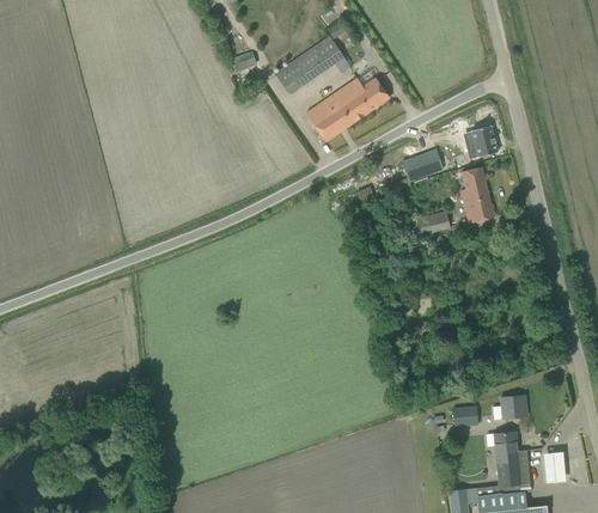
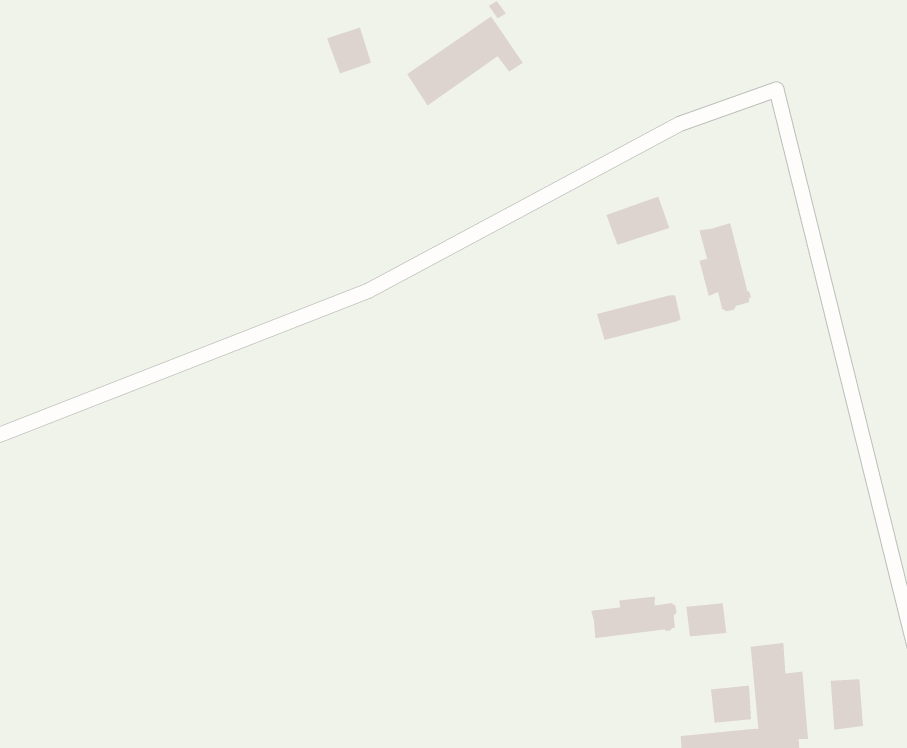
building: [309,71,390,140] -> none
building: [468,124,499,158] -> none
building: [501,393,527,417] -> [710,685,752,723]
building: none -> [591,596,677,639]

